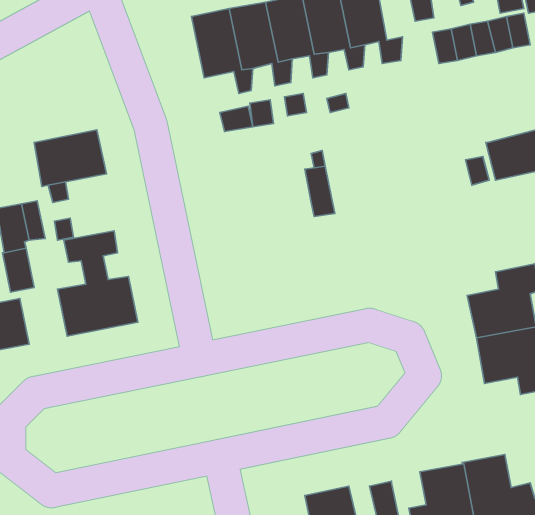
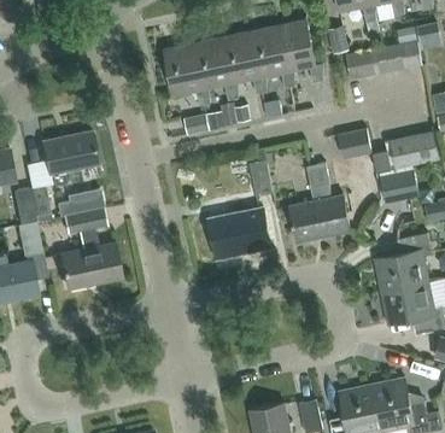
building: none -> [336,127,370,157]
building: none -> [288,164,349,242]
building: none -> [380,170,417,203]
building: none -> [207,203,271,261]

